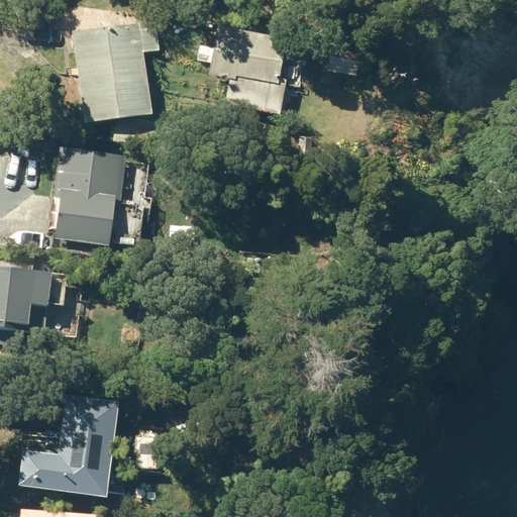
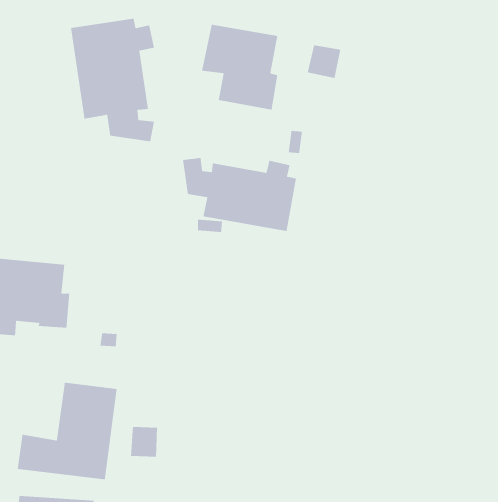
building: [46,147,141,254] -> none
building: none -> [182,157,297,232]

